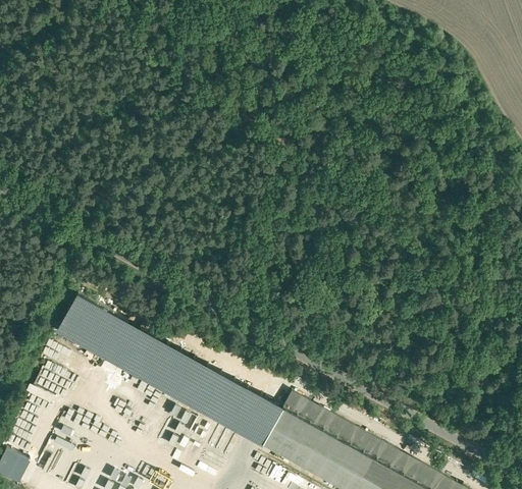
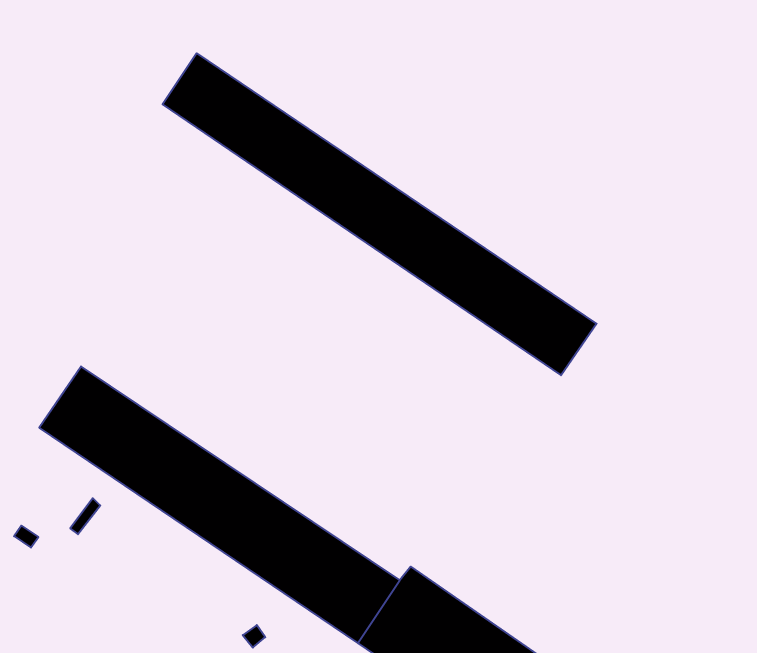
building: none -> [163,53,597,375]

